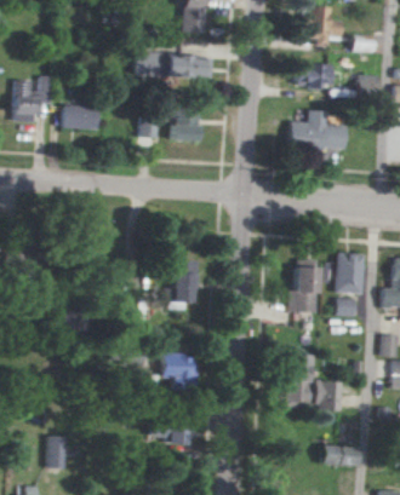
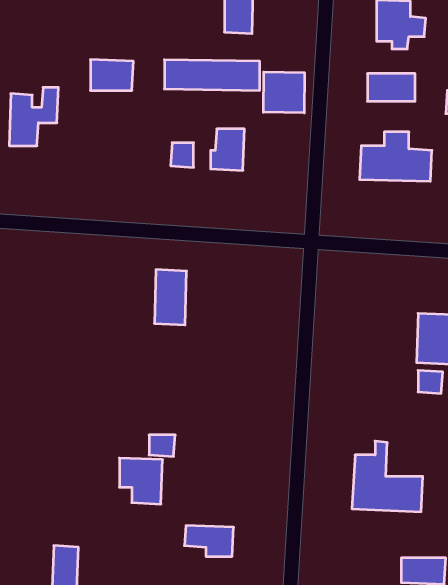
building: none -> [263,72,304,113]
building: [64,104,98,128] -> [90,60,133,90]
building: [172,259,198,303] -> [154,270,187,325]
building: [288,259,318,311] -> none
building: [162,353,196,390] -> [119,458,163,504]

